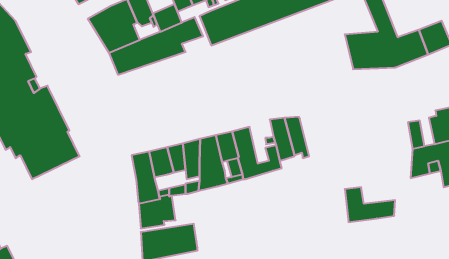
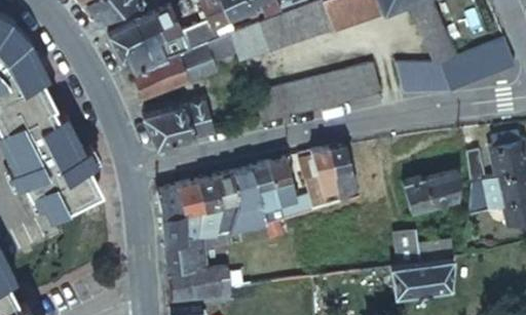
building: none -> [254,66,379,125]
building: none -> [143,102,214,147]
building: none -> [402,170,457,209]
building: none -> [391,258,451,294]

